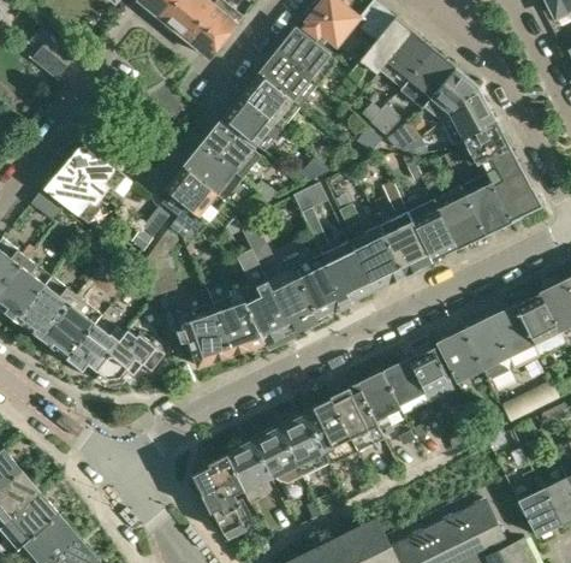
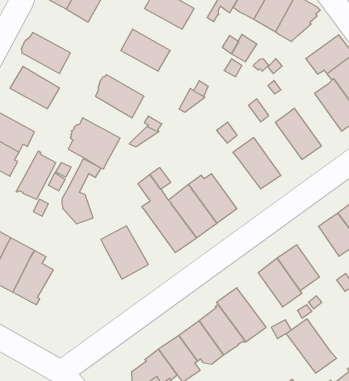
building: [258,53,316,107] -> none
building: [441,89,498,143] -> none
building: [224,97,280,150] -> [21,32,70,73]
building: [183,146,240,200] -> [10,66,59,109]
building: [291,180,373,304] -> none
building: [432,185,482,248] -> none
building: none -> [16,151,56,199]
building: [379,212,430,274] -> none
building: [213,286,263,352] -> none
building: [95,330,163,379] -> none
building: [408,346,451,401] -> none
building: [329,384,383,449] -> [286,319,337,373]

